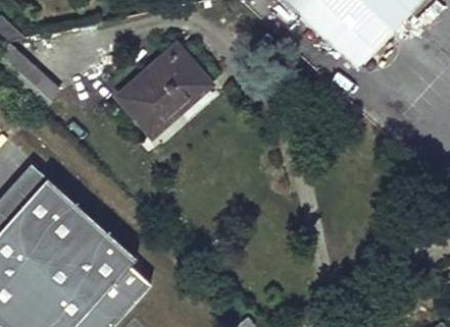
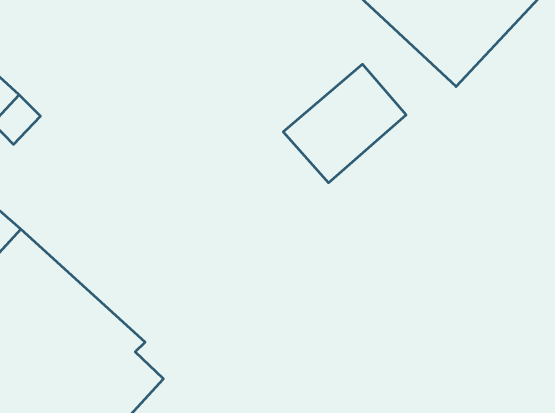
building: [119,49,208,134] -> [283,64,406,183]

